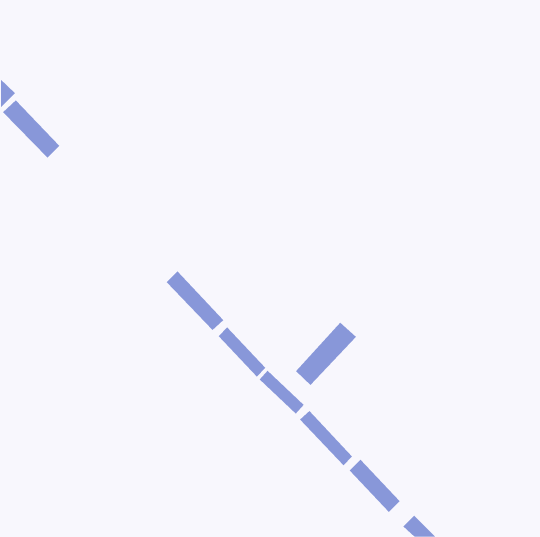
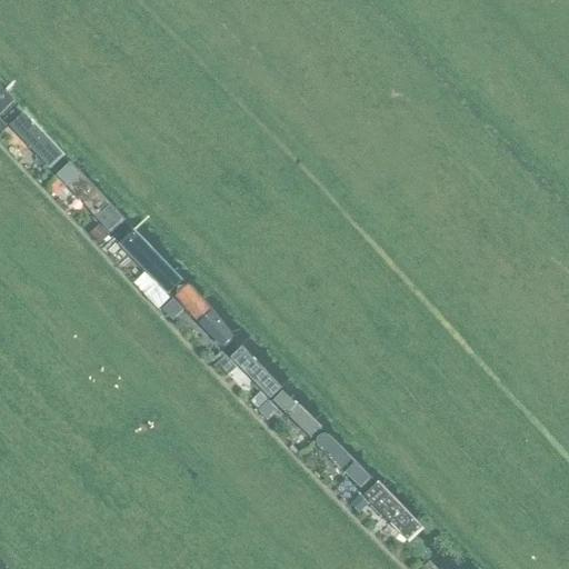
building: none -> [56,160,122,229]
building: none -> [120,228,183,292]
building: [295,322,357,386] -> none

